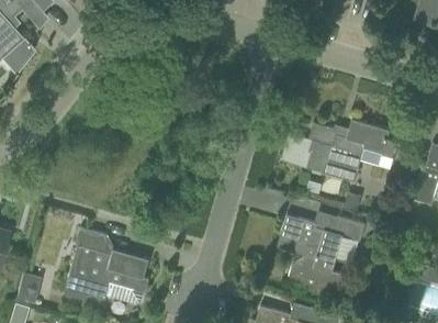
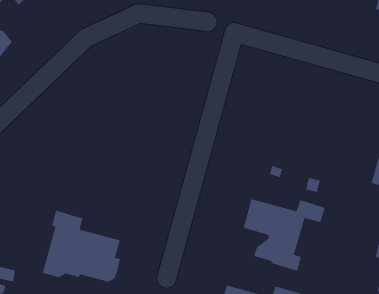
building: [306,119,397,181] -> none

